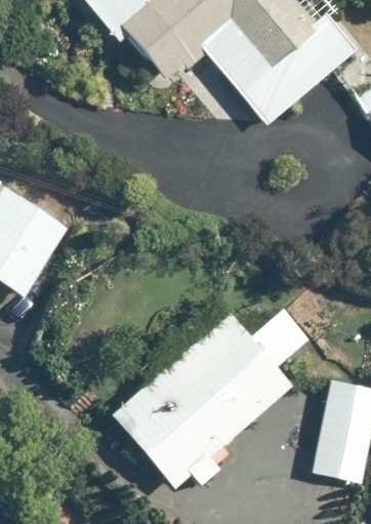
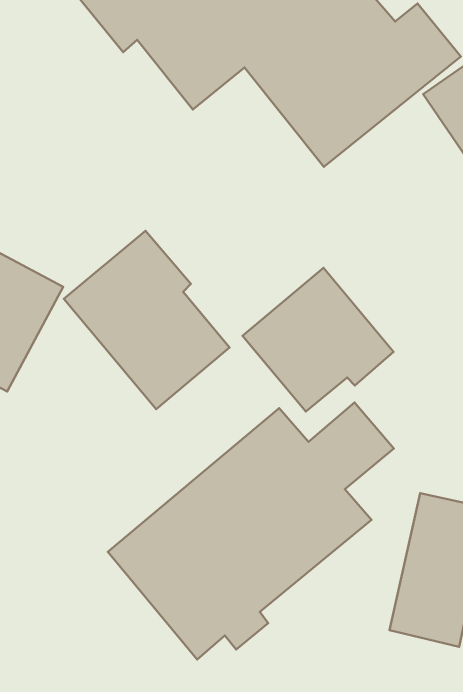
building: none -> [64,231,229,409]
building: none -> [242,268,394,412]

